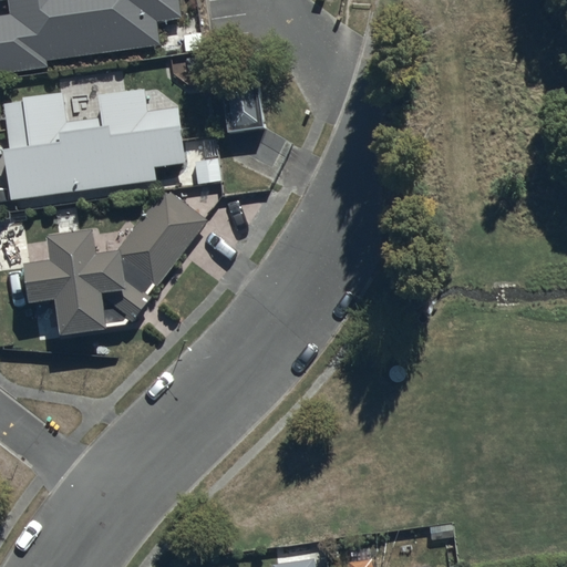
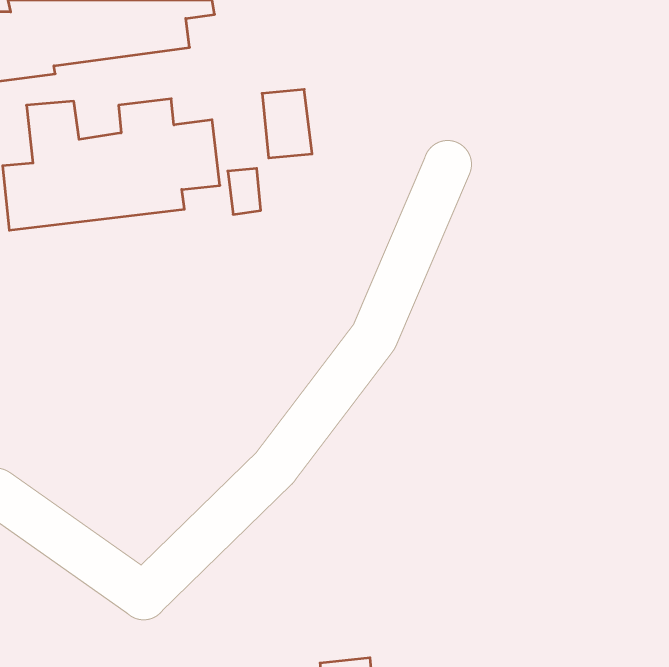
building: [25,189,205,328] -> none

